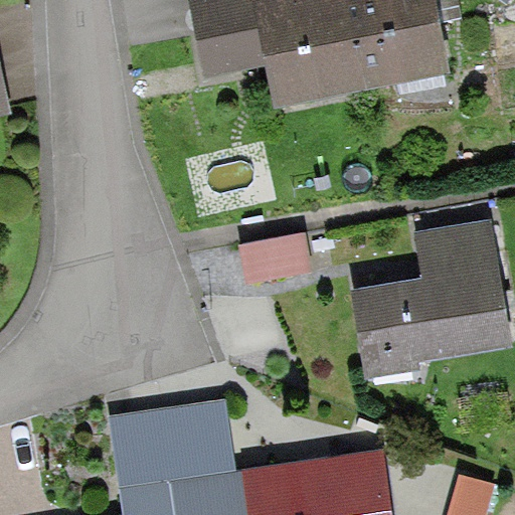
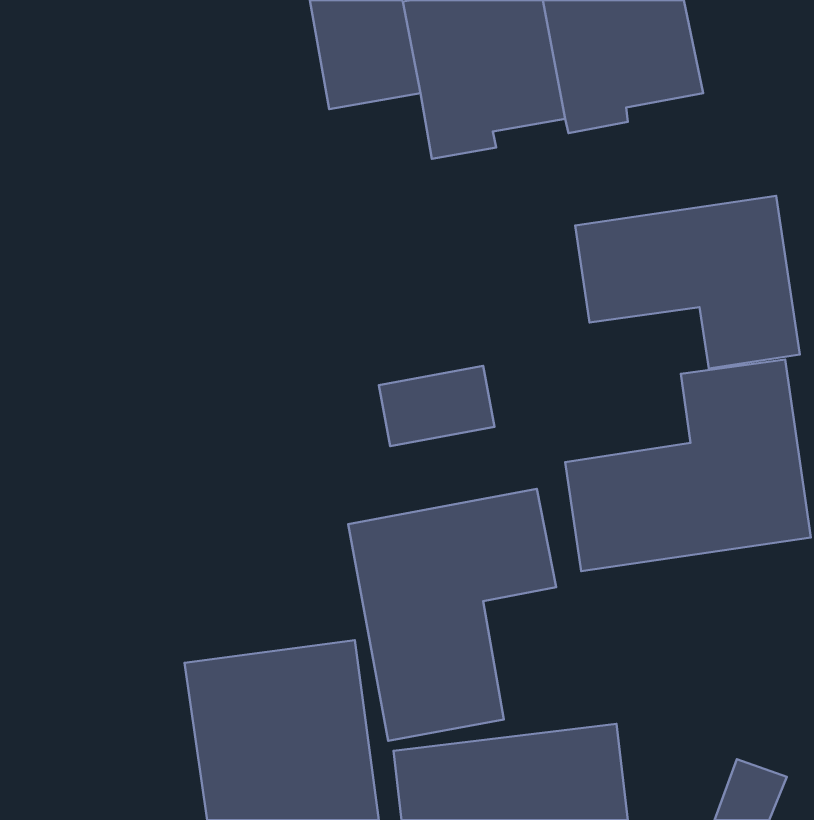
building: none -> [575,196,800,369]
building: none -> [348,489,556,741]

